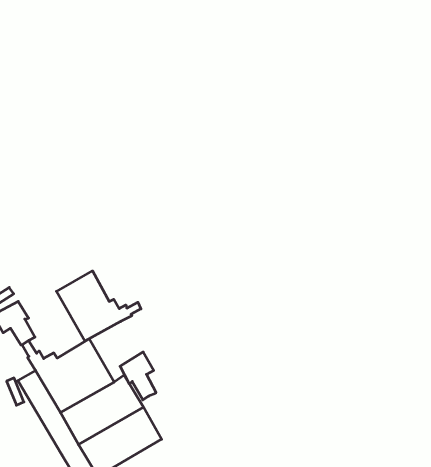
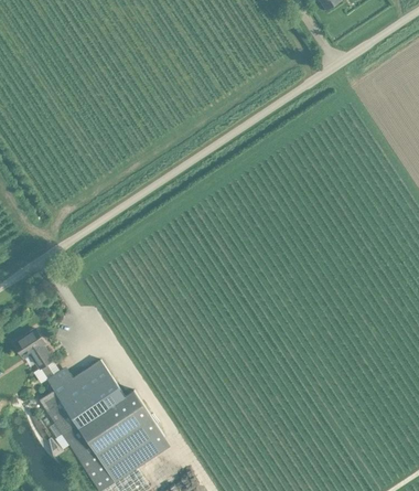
building: [56,271,141,341] -> none
building: [120,352,156,400] -> none

